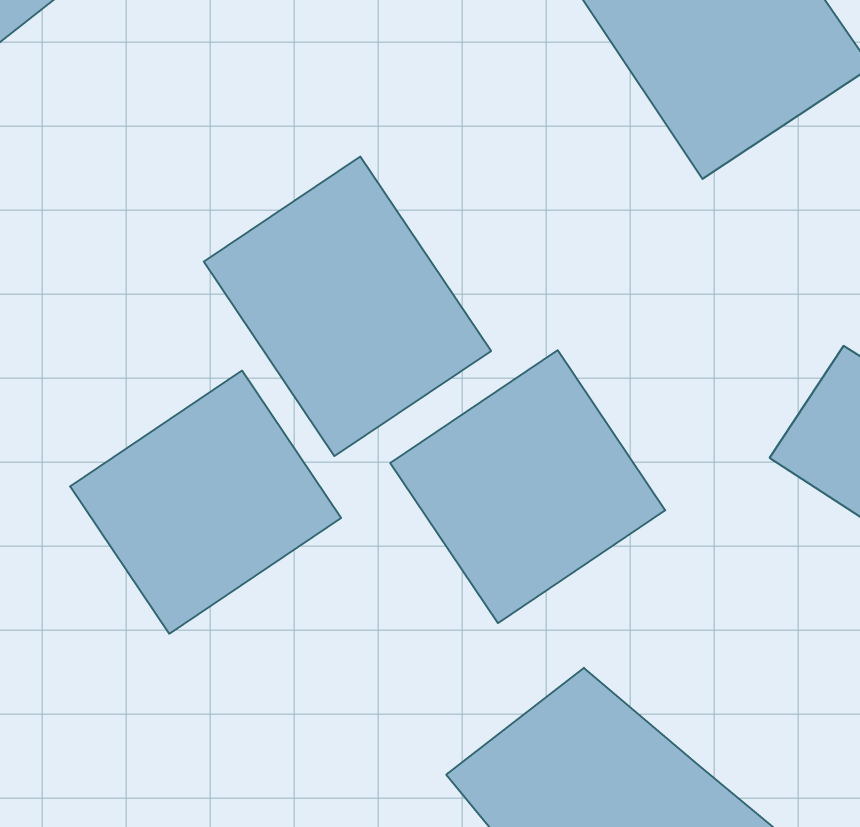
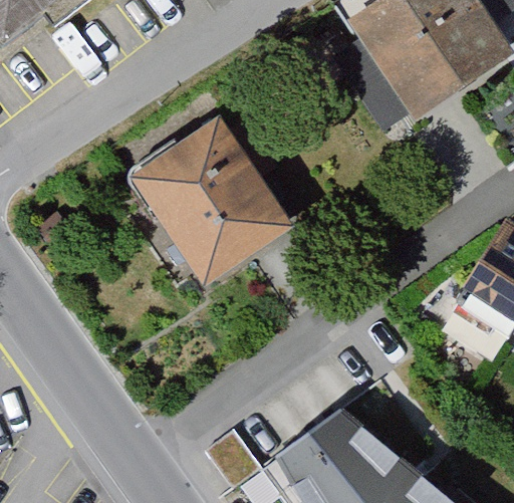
building: [390,350,665,623] -> none
building: [70,371,341,634] -> none

